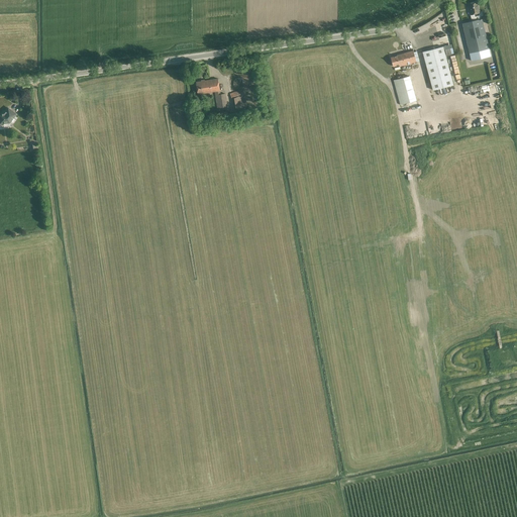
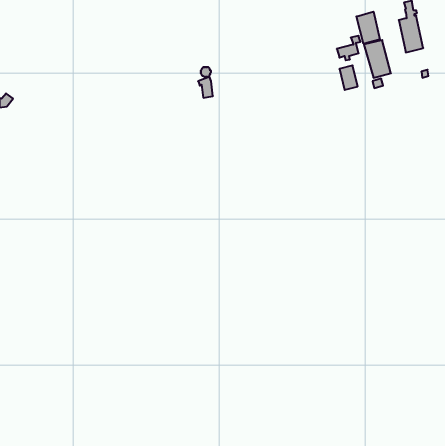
building: none -> [356,12,380,44]
building: [195,79,226,110] -> none

